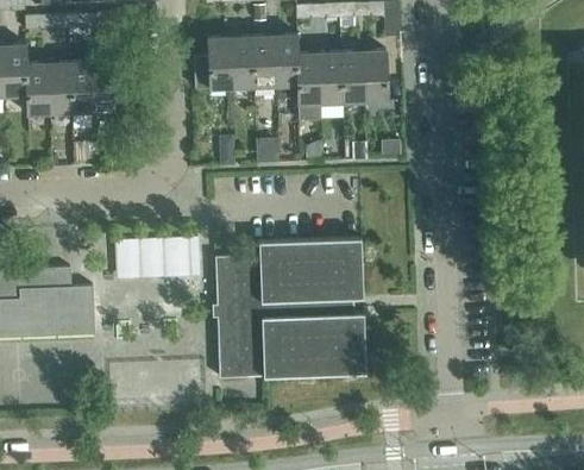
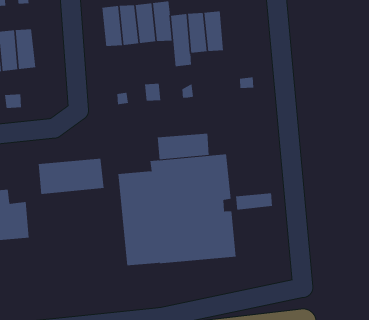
building: [363,50,387,104] -> none
building: none -> [157,133,209,160]
building: none -> [236,193,273,211]

